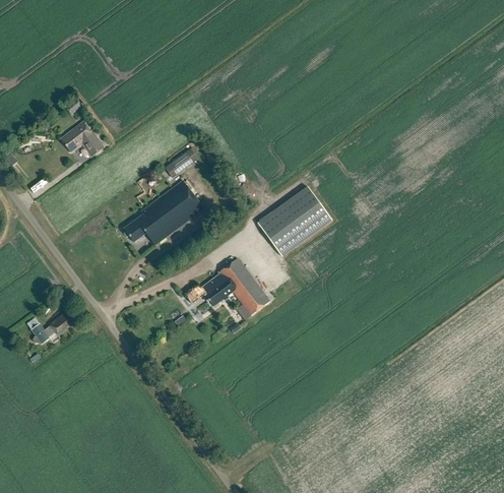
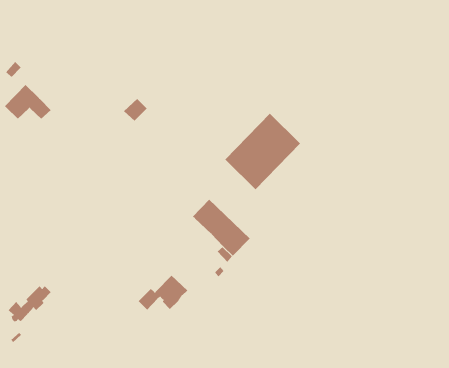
building: [123,181,202,246] -> none
building: [184,273,233,306] -> [138,275,188,310]

